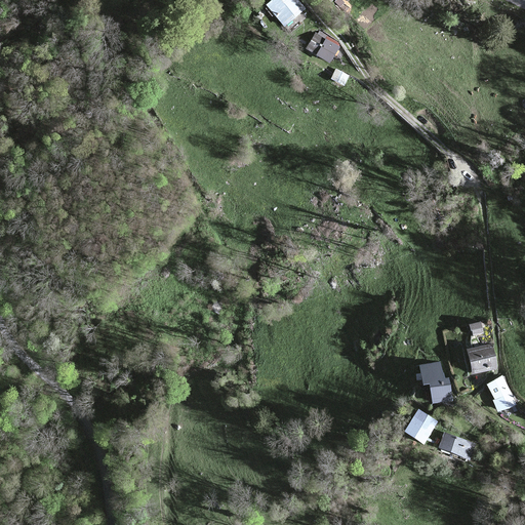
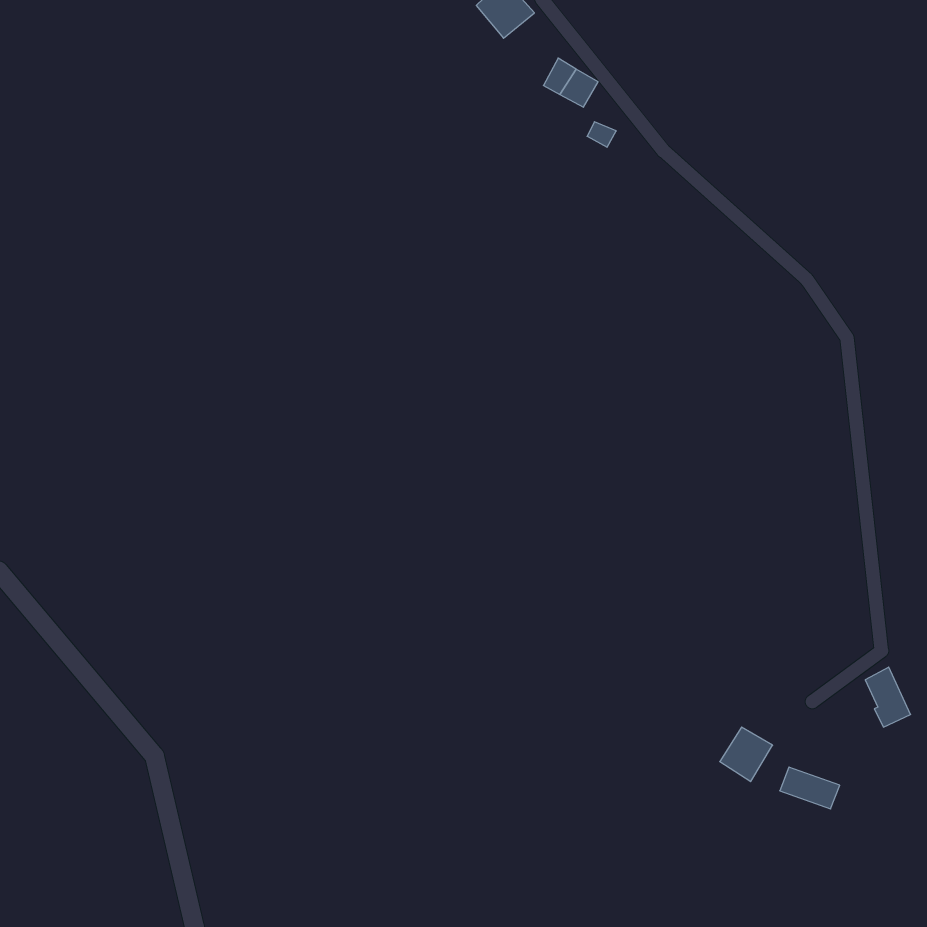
building: [469,344,495,371] -> none
building: [420,361,450,401] -> none

